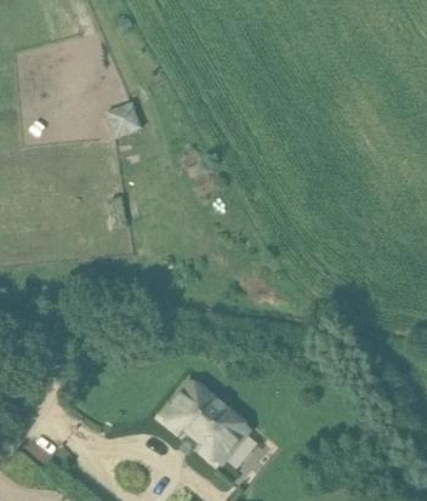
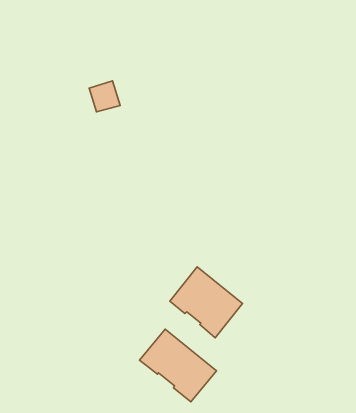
building: none -> [170,267,243,338]

